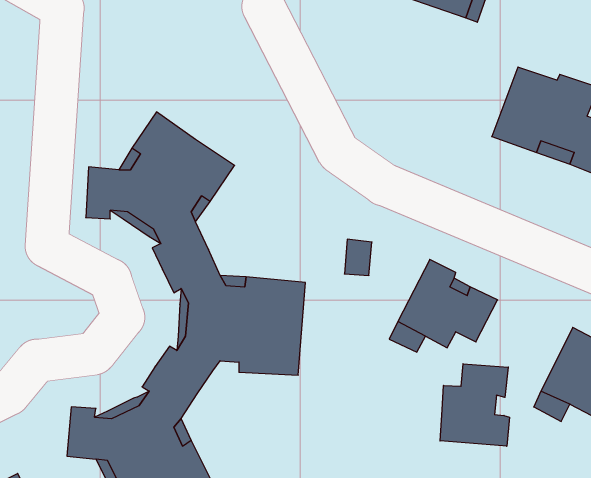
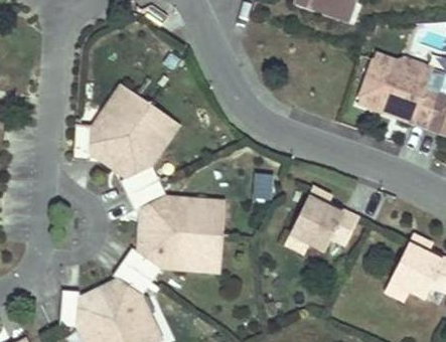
building: [440,364,509,446] -> none

